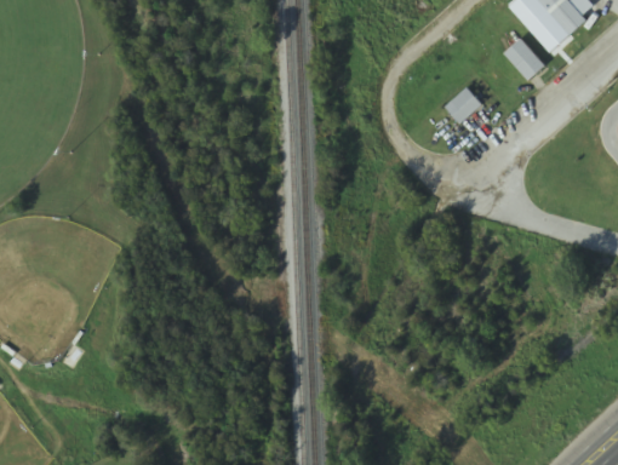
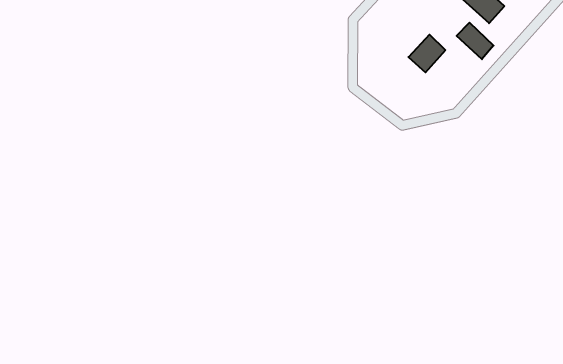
building: none -> [457,23,494,59]

